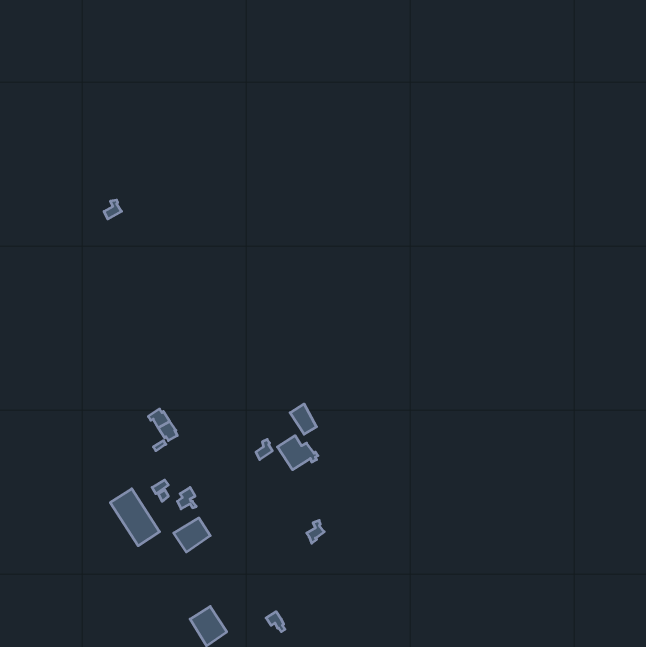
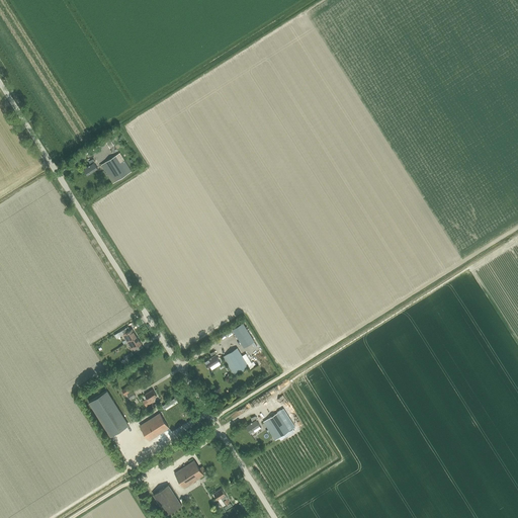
building: none -> [100,154,131,183]
building: none -> [263,410,292,440]
building: none -> [174,460,202,488]

